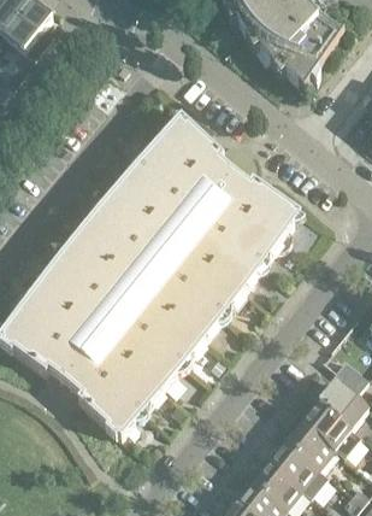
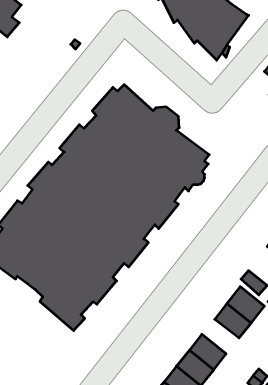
building: [284,423,332,468] -> none

